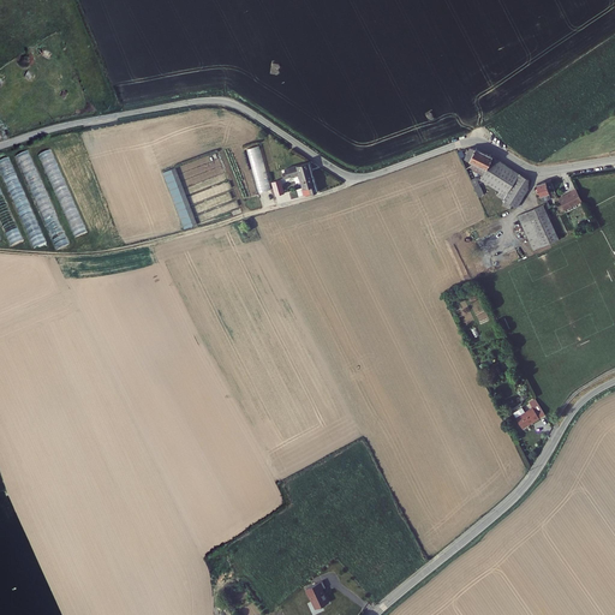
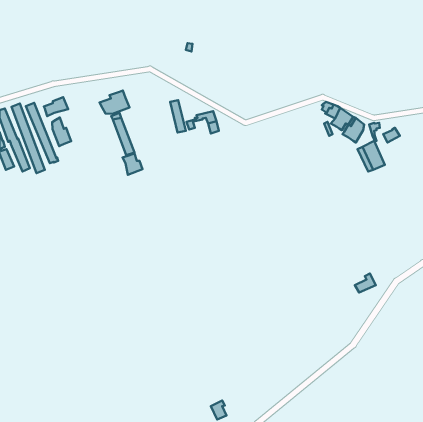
building: none -> [99,90,130,114]
building: none -> [44,97,68,116]
building: none -> [52,118,71,146]
building: none -> [123,154,143,175]

